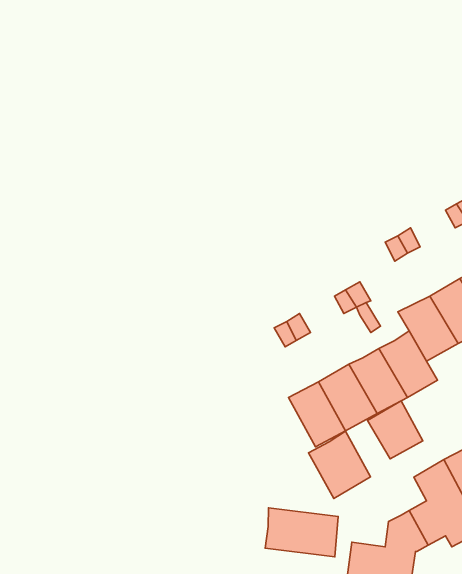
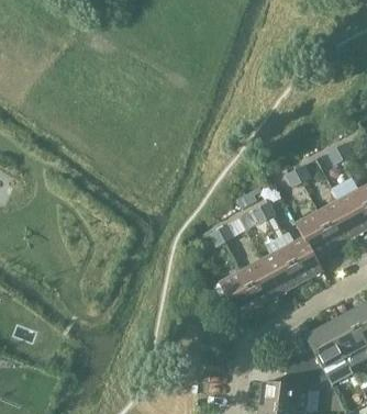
building: [368,401,423,459] -> none
building: [309,431,371,499] -> none
building: [265,508,338,557] -> none

